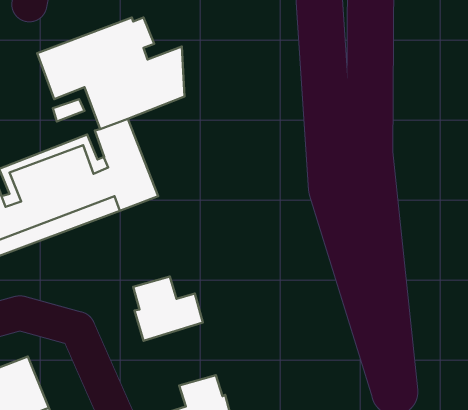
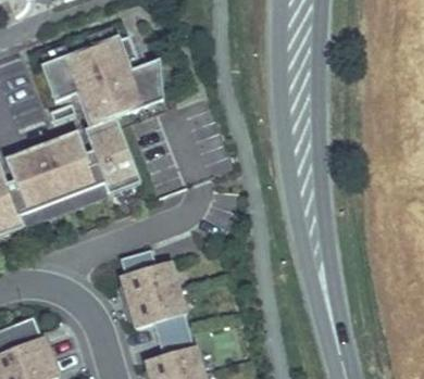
building: none -> [128,286,188,338]

